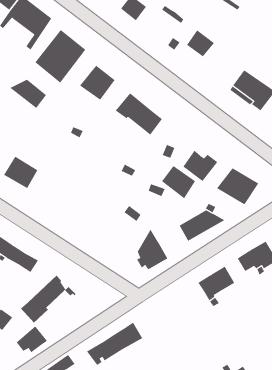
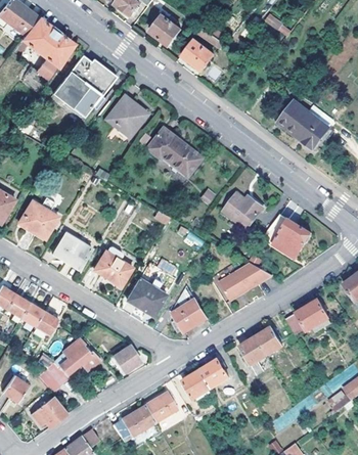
building: [186,30,215,57] -> [182,40,215,72]
building: [9,79,47,109] -> none
building: [161,165,196,199] -> none
building: none -> [52,233,91,271]
building: none -> [94,249,134,287]
building: none -> [127,278,166,316]
building: none -> [111,345,141,373]
building: none -> [183,360,229,399]

